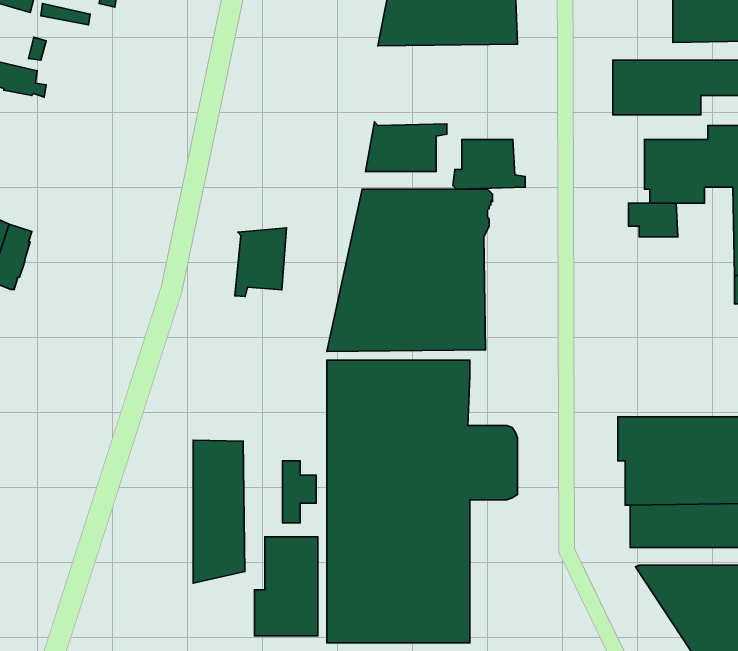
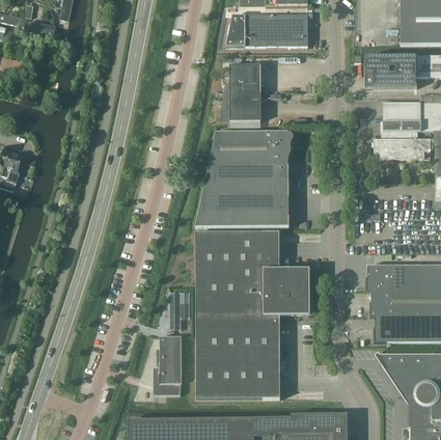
building: [453,140,525,189] -> [224,64,267,93]
building: none -> [402,139,430,159]
building: [235,228,286,296] -> none
building: [193,440,245,583] -> none

